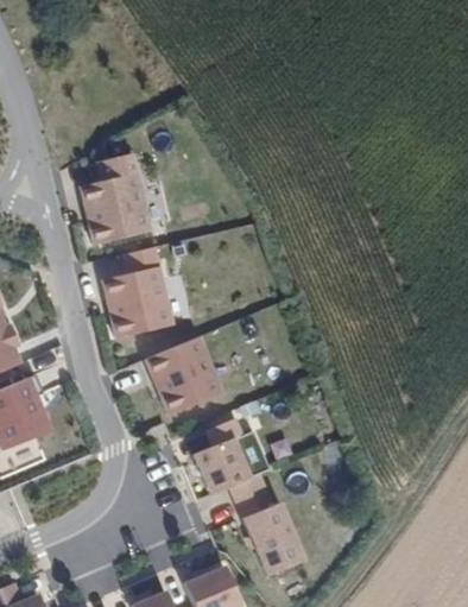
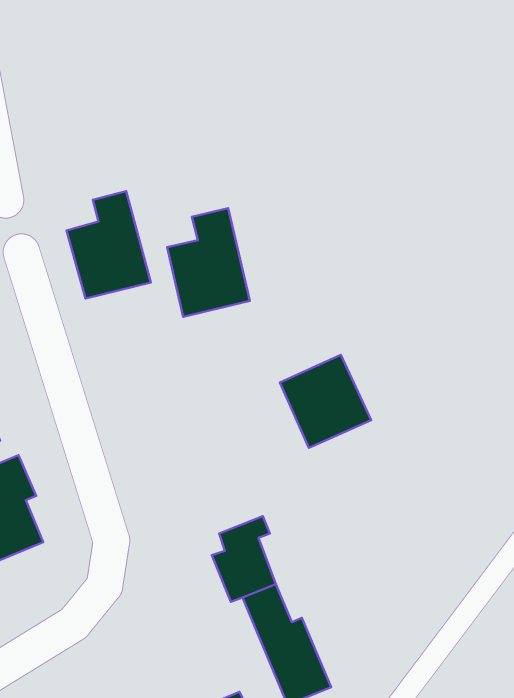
building: [103,247,171,336] -> [167,208,250,317]
building: [146,337,221,413] -> [280,355,371,448]

